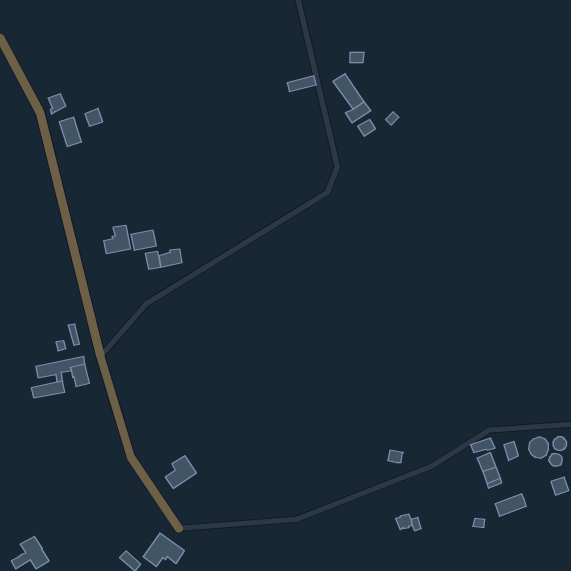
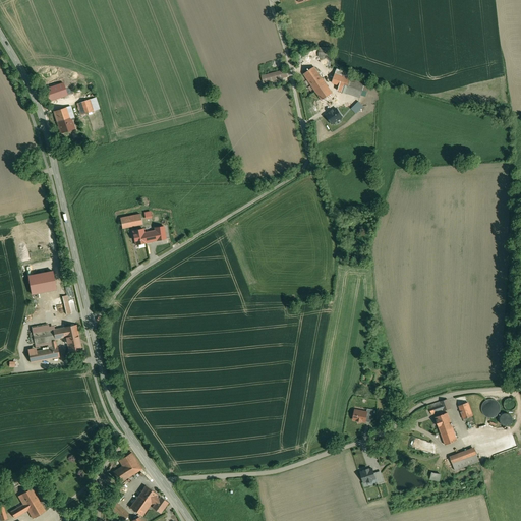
building: none -> [332,74,364,98]
building: [104,225,131,254] -> none
building: none -> [28,271,56,294]
building: [165,456,196,488] -> [113,453,141,482]

